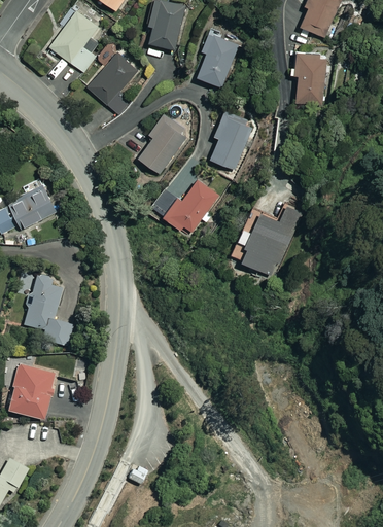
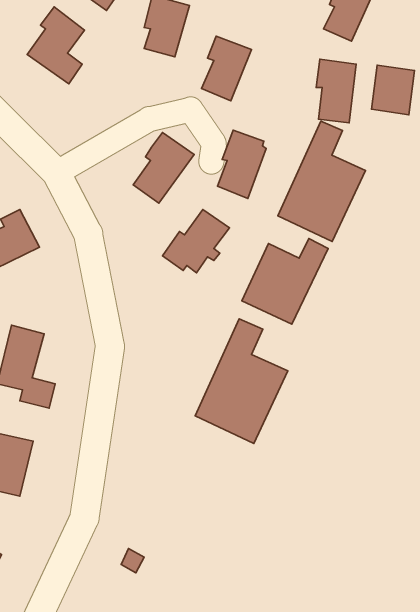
building: [88,51,139,113] -> none
building: none -> [372,65,414,115]
building: none -> [278,121,365,242]
building: none -> [195,319,288,444]

